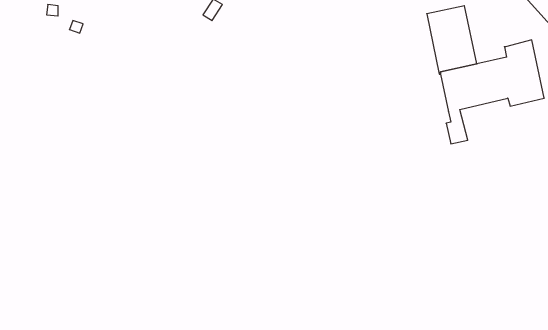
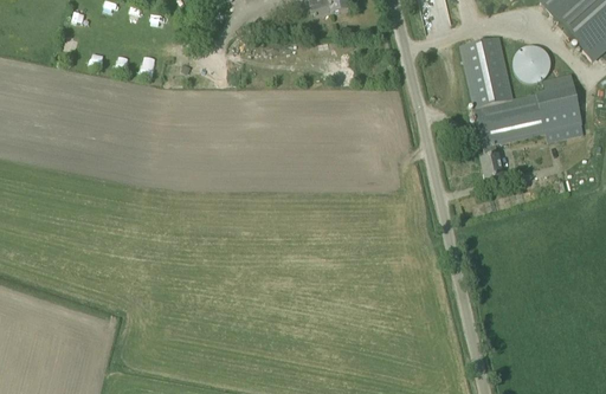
building: none -> [512,44,550,82]

